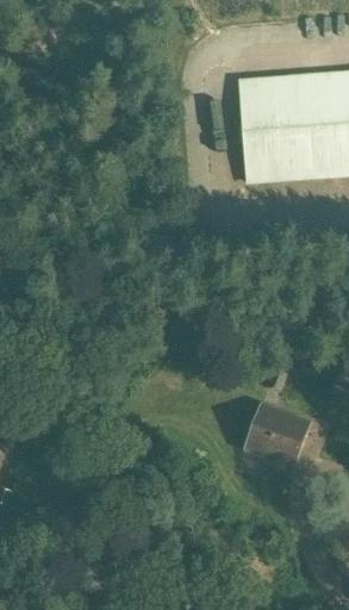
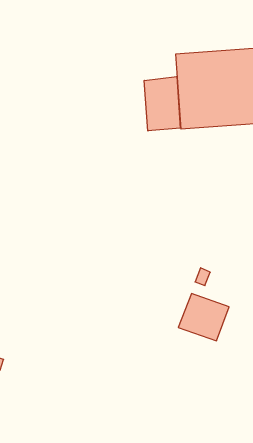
building: none -> [144,76,180,131]

